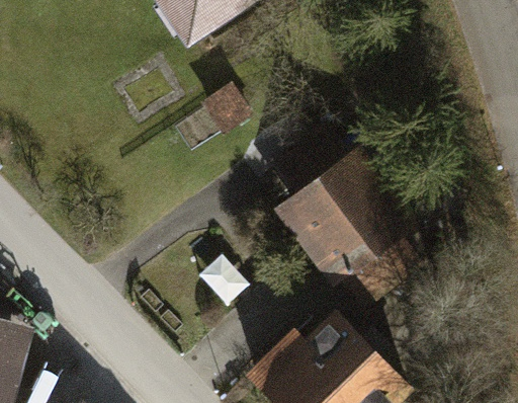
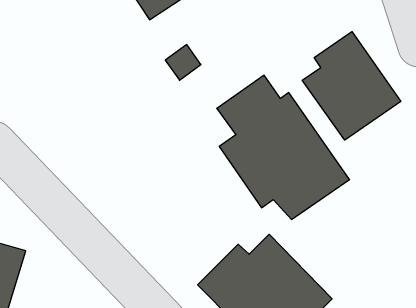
building: none -> [302,32,401,140]

